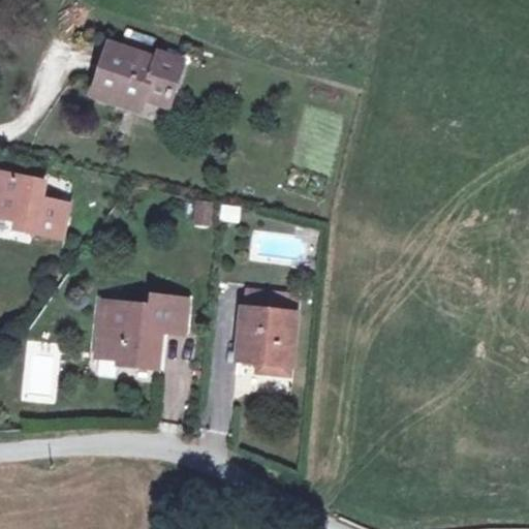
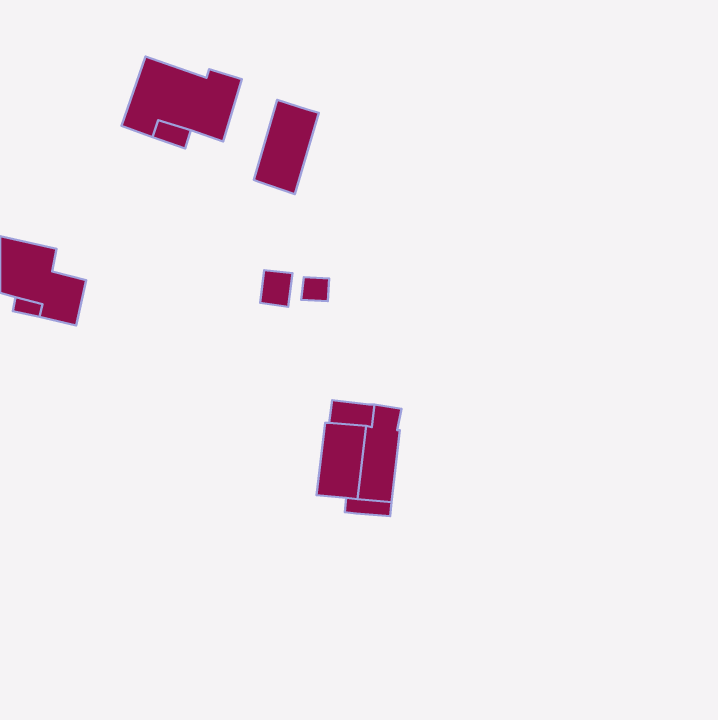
building: none -> [254,100,319,194]
building: [95,297,186,368] -> none

